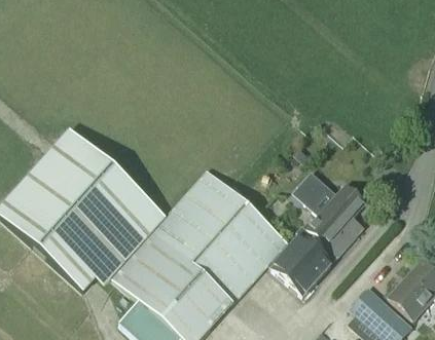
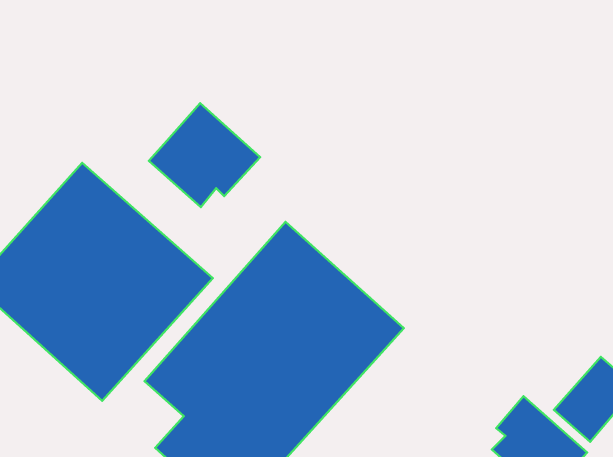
building: none -> [149,103,260,207]
building: [273,184,366,294] -> none

